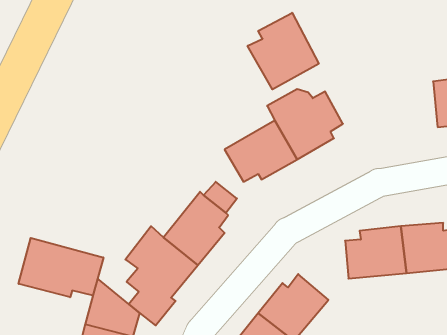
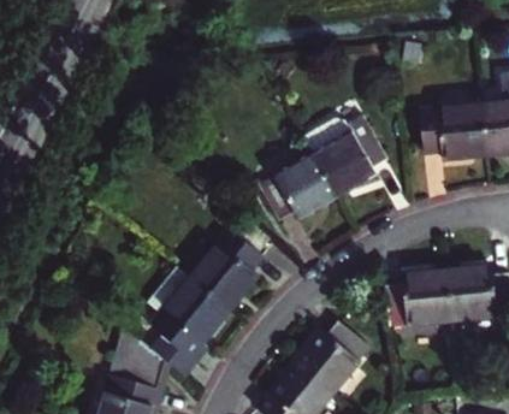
building: [248,13,319,89] -> none
building: none -> [420,112,487,165]
building: [19,238,103,297] -> none

